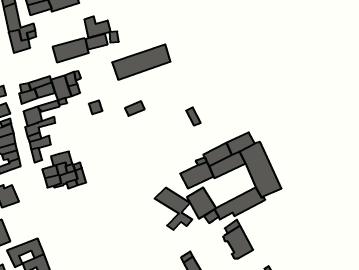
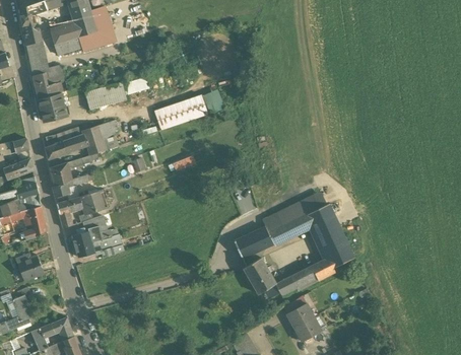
building: [85,16,111,38] -> none
building: none -> [39,92,67,121]
building: none -> [78,191,104,222]
building: [155,188,192,230] -> none

